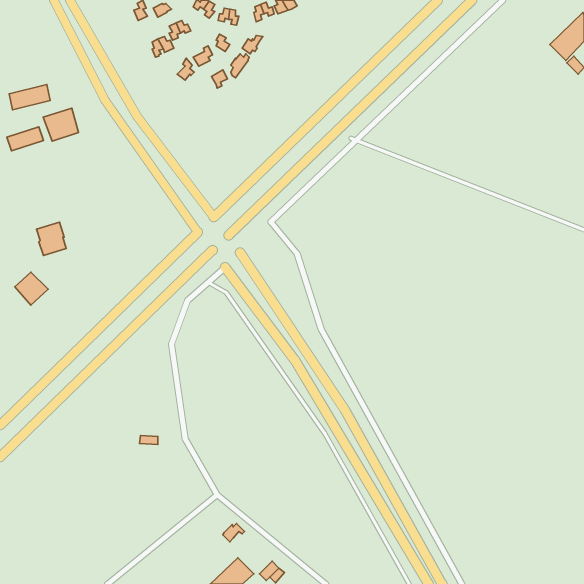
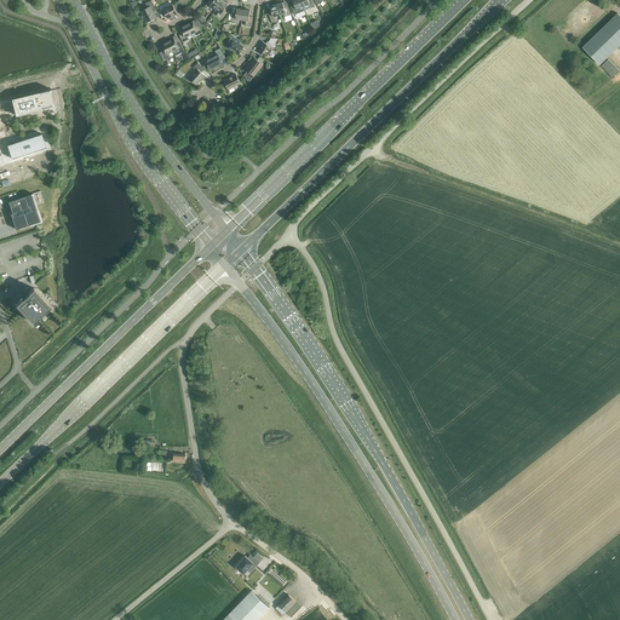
building: [43,108,79,141] -> none
building: [37,222,66,255] -> [8,194,40,229]

